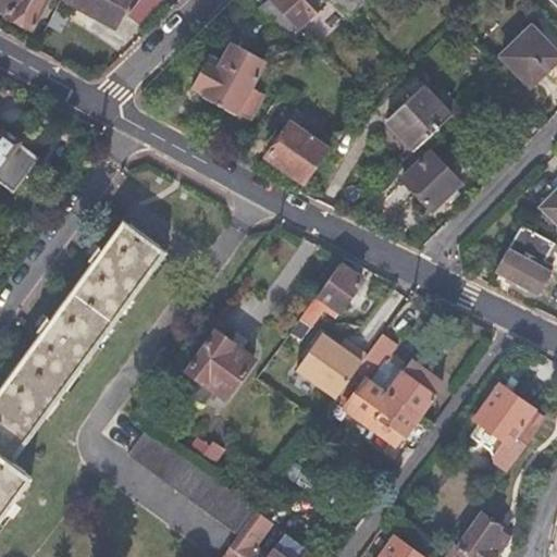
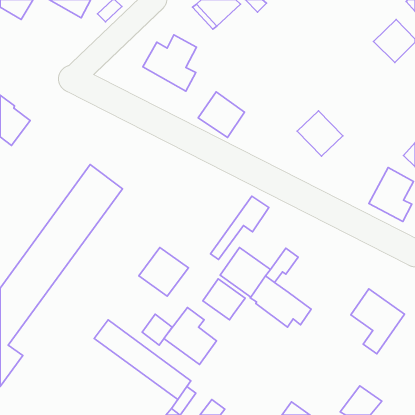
building: [374,86,441,151] -> none
building: [386,358,442,413] -> none
building: none -> [203,279,245,320]
building: none -> [164,307,217,365]

